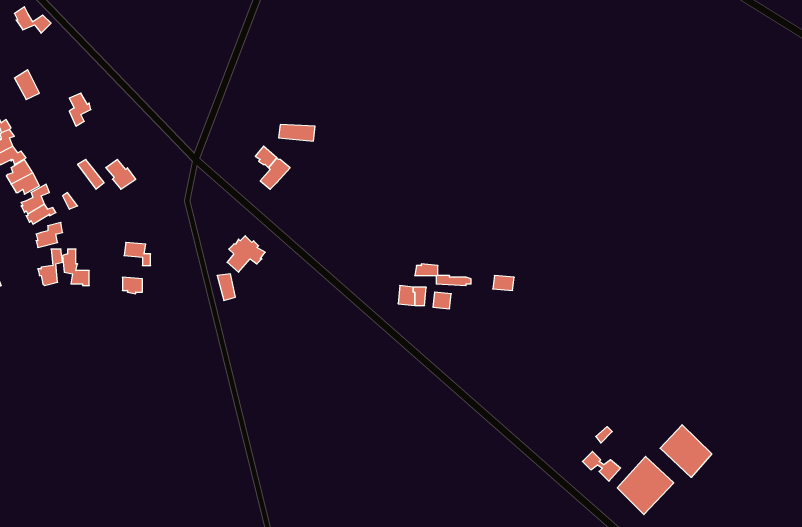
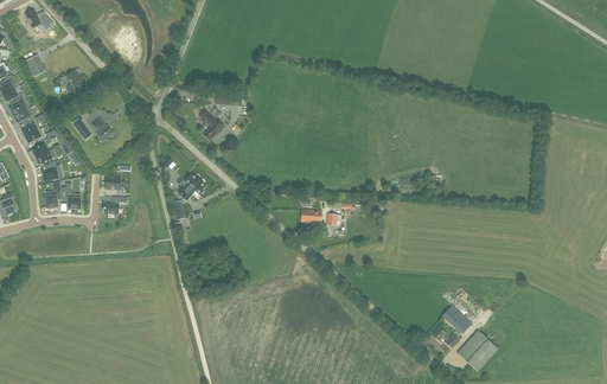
building: [660,425,712,477] -> none

